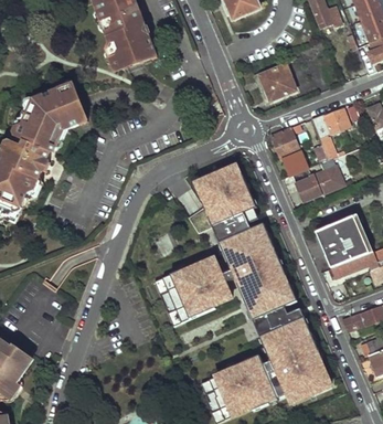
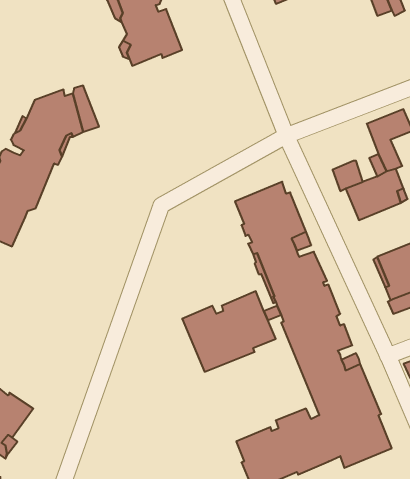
building: [262,63,298,99] -> none
building: [270,121,305,159] -> none

